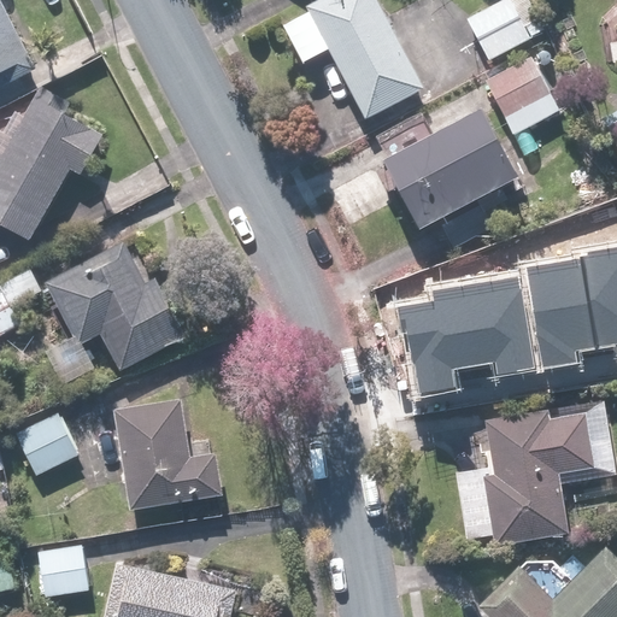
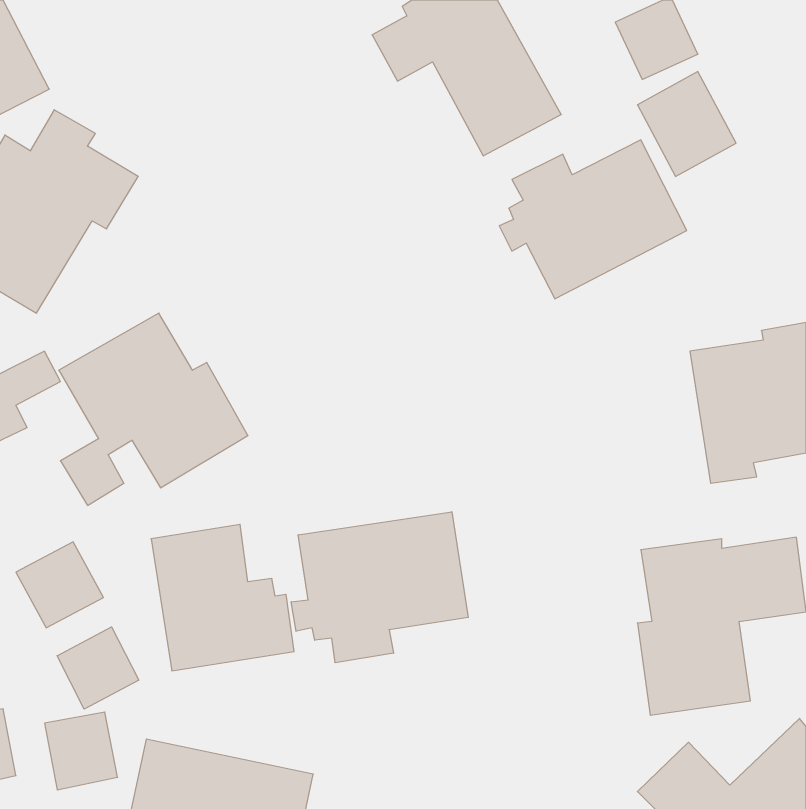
building: [399,280,531,393] -> none
building: none -> [291,512,468,663]
building: none -> [57,627,139,709]

